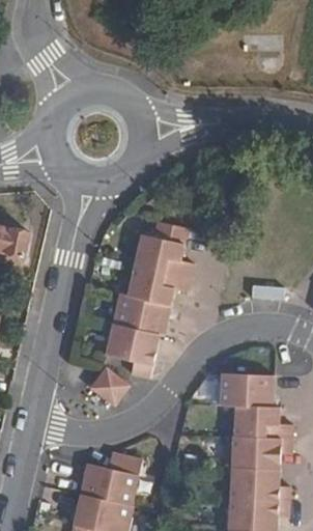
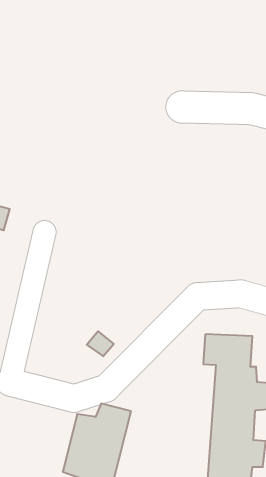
building: [110,220,198,376] -> none

